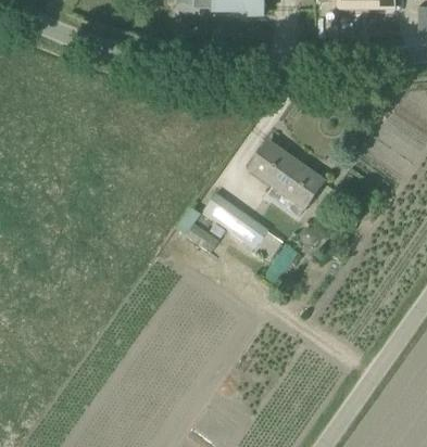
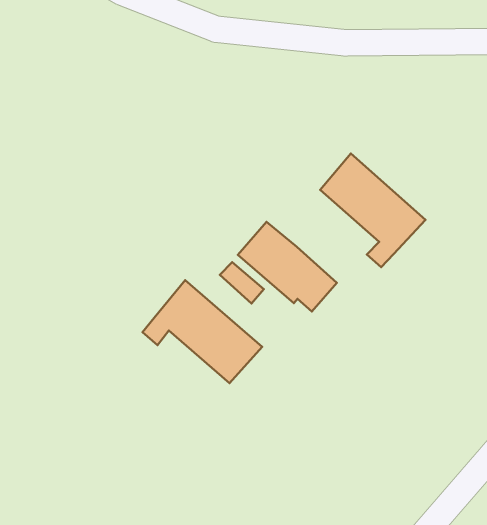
building: none -> [143,280,262,383]

